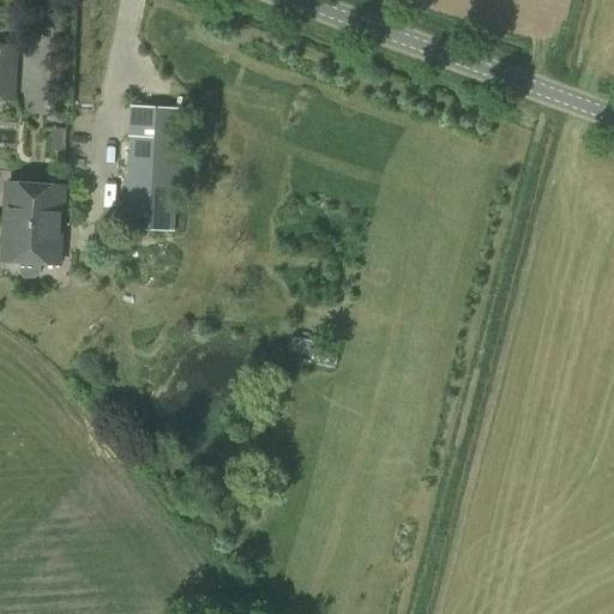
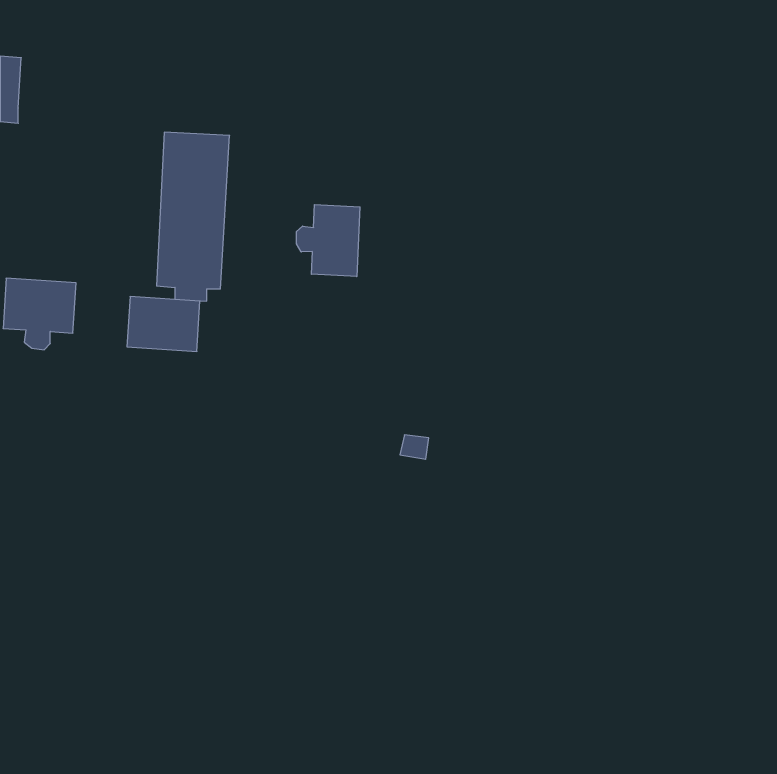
building: none -> [297,205,360,277]
building: [5,180,62,223] -> [127,297,200,351]

